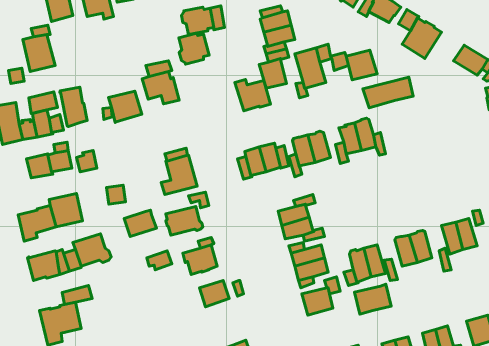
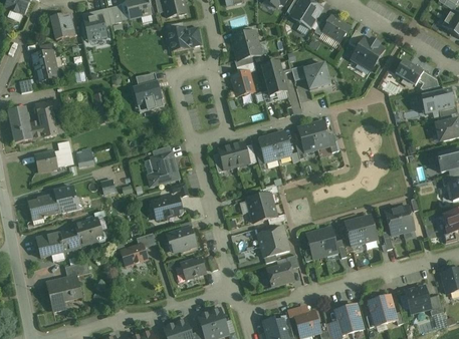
building: [179,33,209,64] -> none
building: [363,77,413,108] -> none
building: [235,80,270,111] -> none
building: [60,87,87,127] -> none
building: [109,91,142,122] -> none
building: [124,210,156,236] -> [121,244,148,266]
building: [355,284,391,314] -> none

